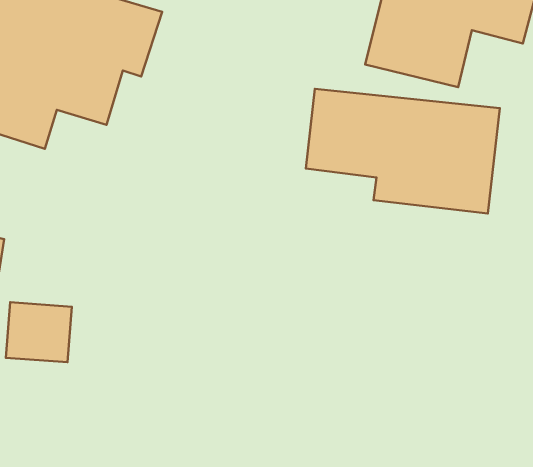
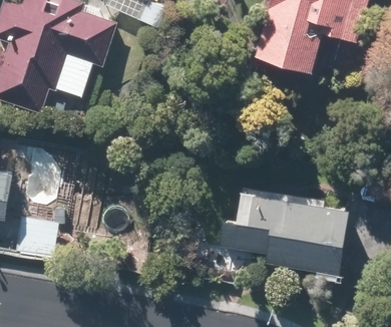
building: [306,89,500,214] -> [222,193,351,276]

